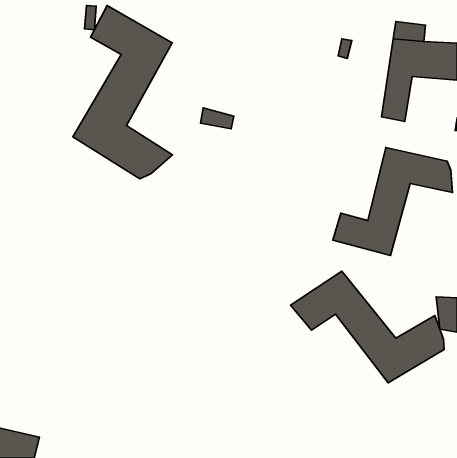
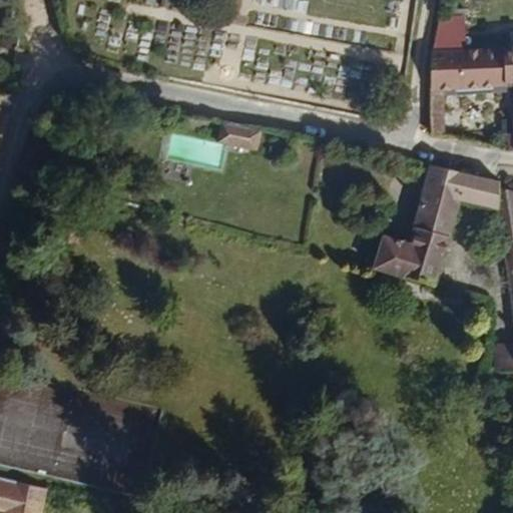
building: [73,6,172,179] -> none
building: [290,271,444,383] -> none

